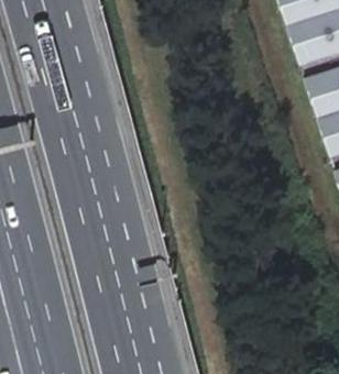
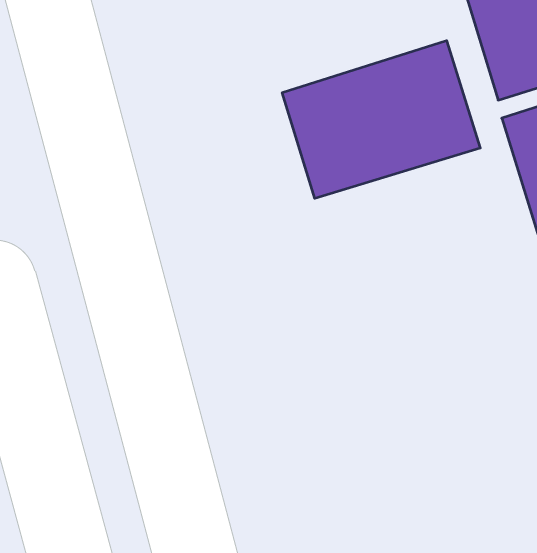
building: none -> [282,41,480,198]

